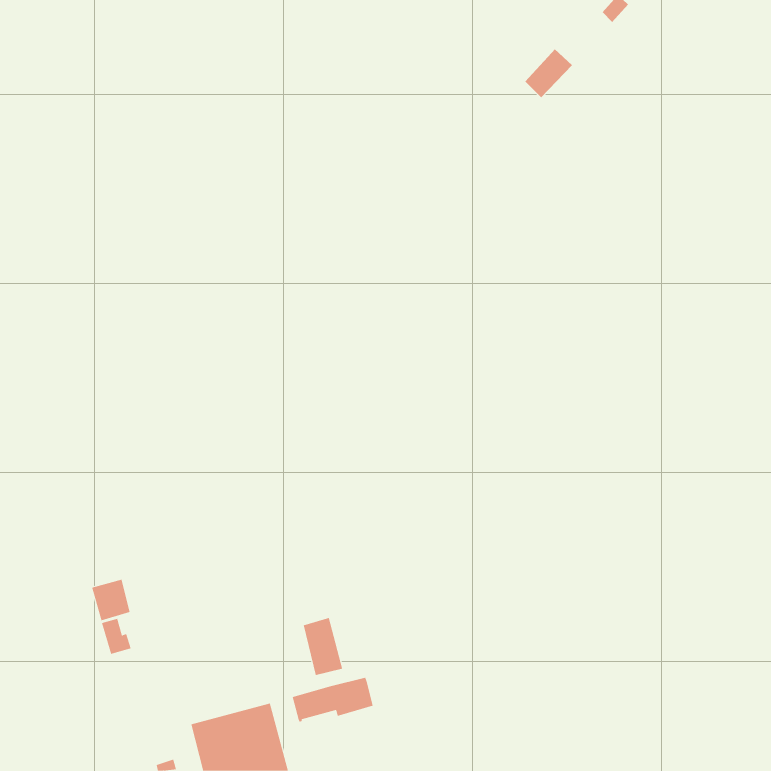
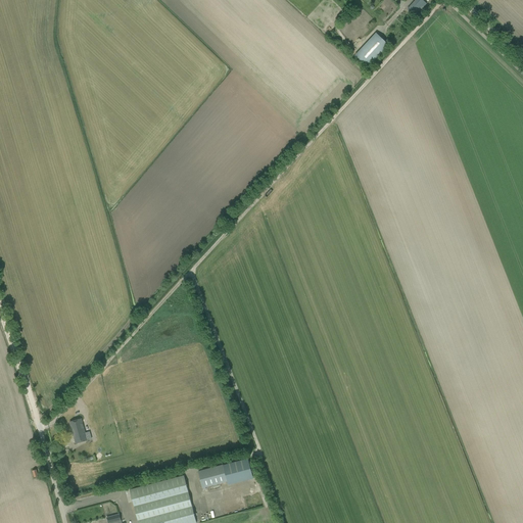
building: [92,579,130,621] -> none
building: [303,617,343,676] -> none

